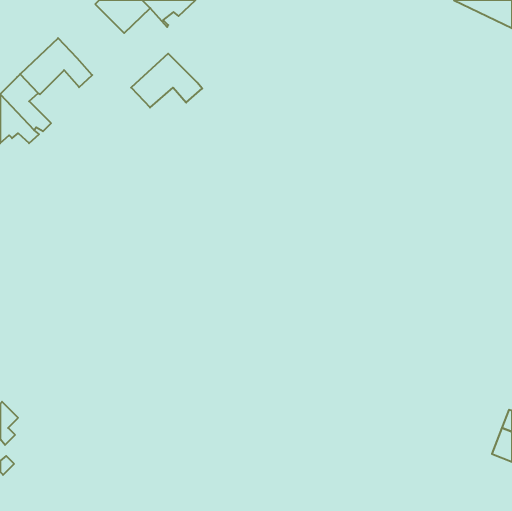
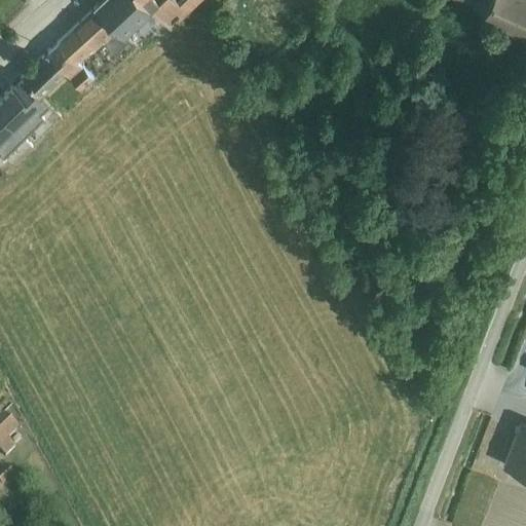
building: [131,54,202,108] -> [60,5,133,61]

